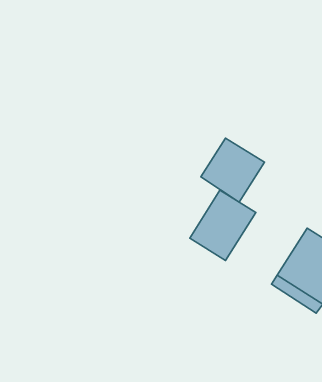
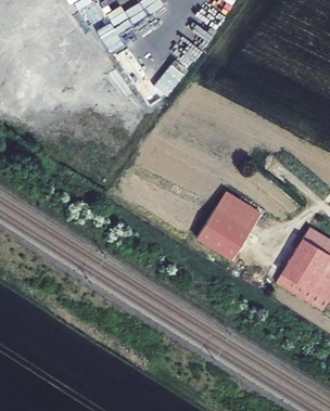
building: [201,138,264,202] -> none

